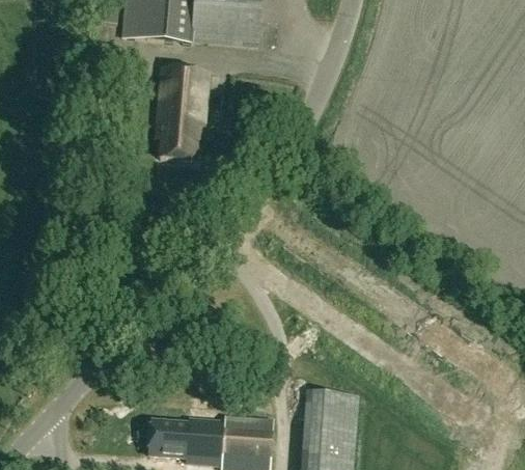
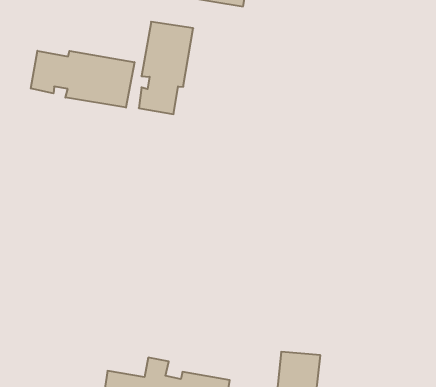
building: none -> [31,51,134,108]

